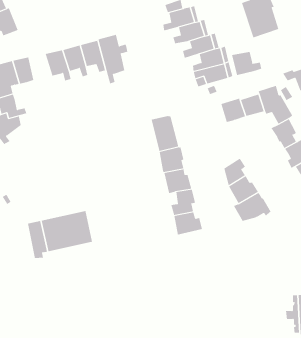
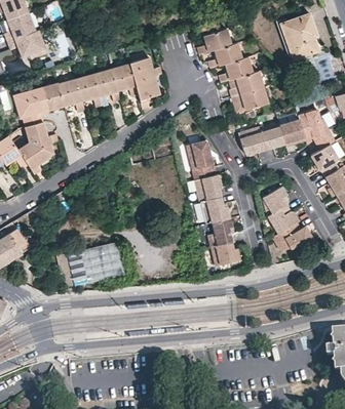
building: [232,51,262,76] -> none
building: none -> [60,78,85,112]
building: none -> [239,127,266,156]

